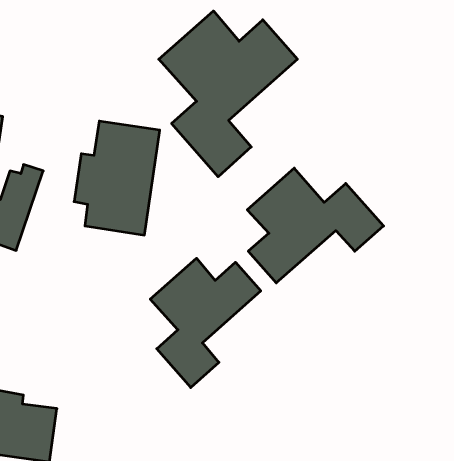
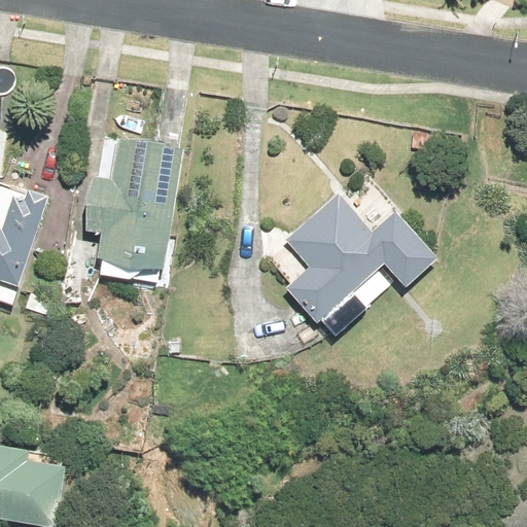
building: [159,11,297,177] -> none
building: [150,258,261,388] -> none

